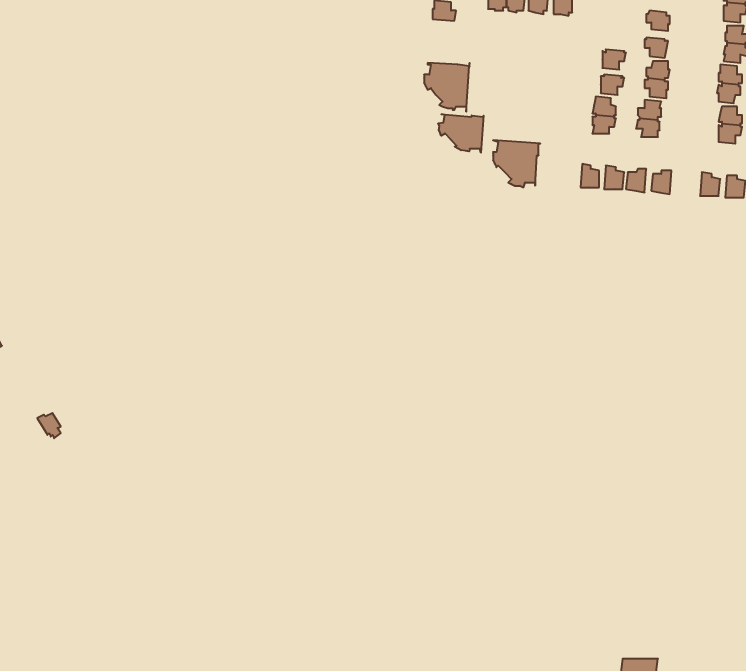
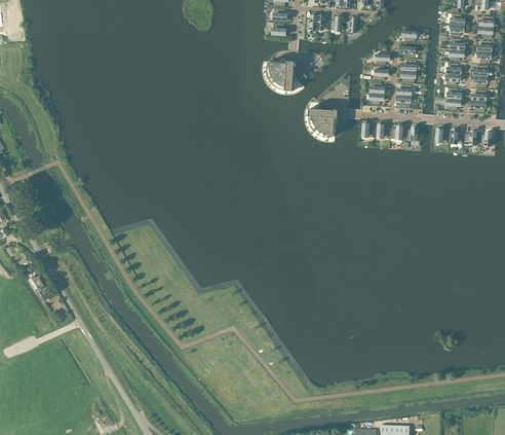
building: [438,114,484,153] -> none

